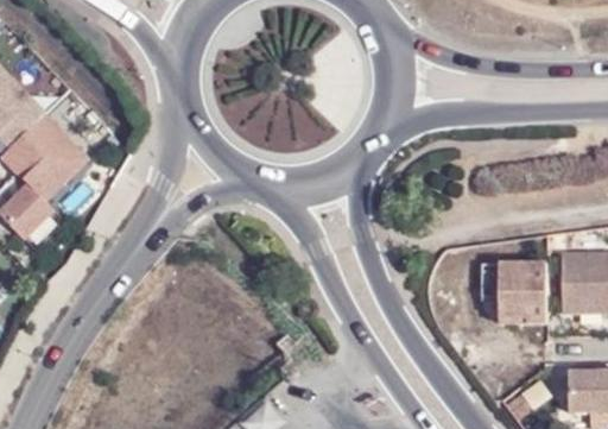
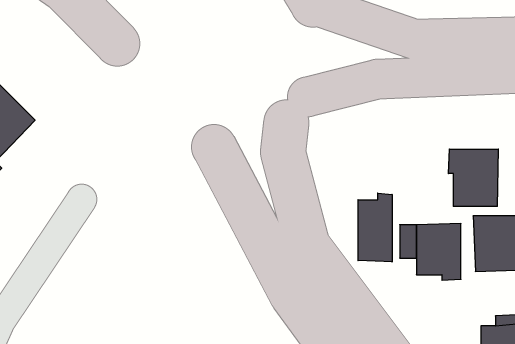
building: none -> [448,149,498,206]
building: none -> [358,193,392,262]

